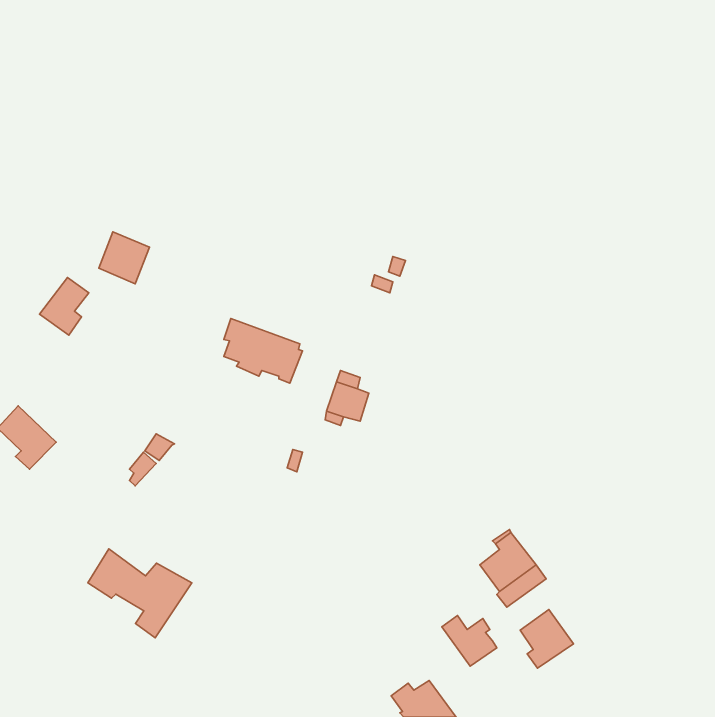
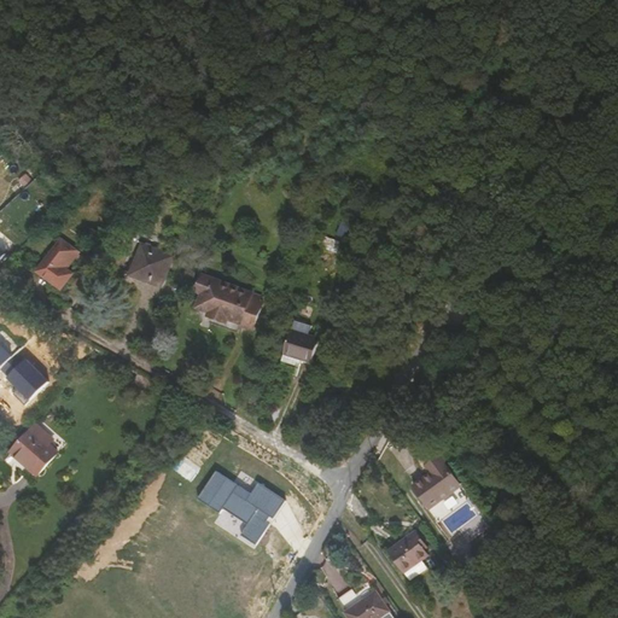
building: [99,232,149,284] -> [127,241,170,286]
building: none -> [8,428,56,474]
building: [88,549,192,638] -> [198,468,287,544]
building: [520,610,574,668] -> none

